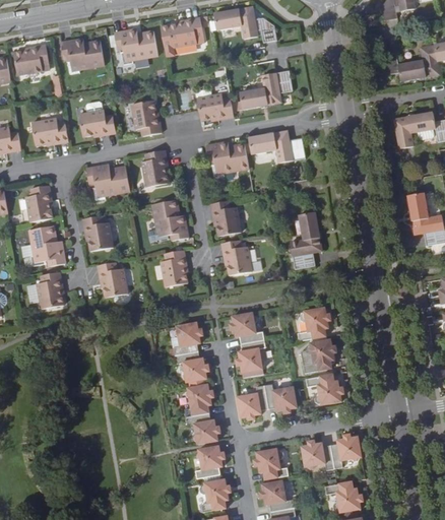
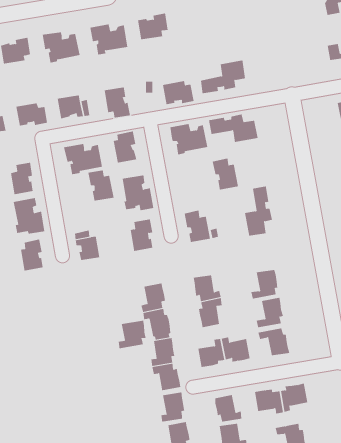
building: [213,7,276,43] -> none
building: [210,200,241,237] -> [212,158,239,190]
building: [82,216,113,252] -> [87,170,114,201]
building: none -> [118,320,146,349]

